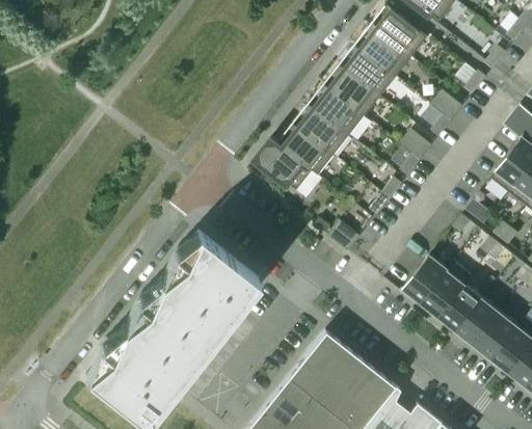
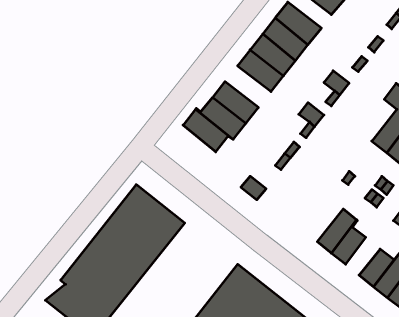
building: [309,87,366,139] -> none
building: [404,259,455,305] -> none
building: [458,300,501,347] -> none

